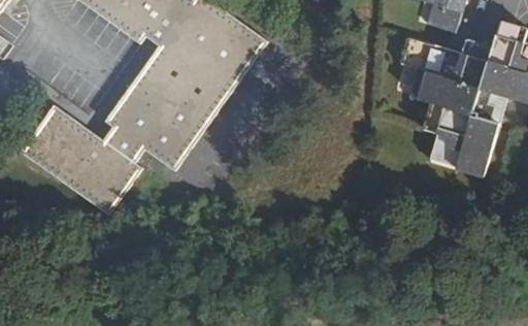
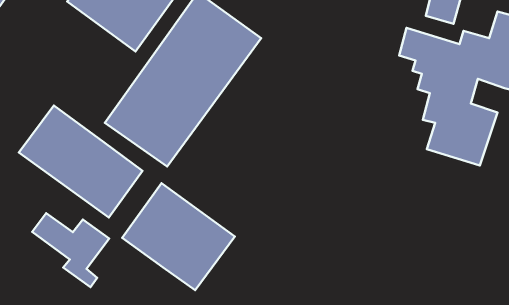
building: none -> [122,183,235,290]
building: none -> [32,213,109,287]

